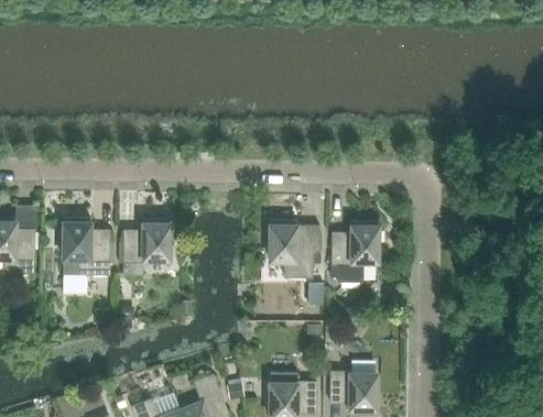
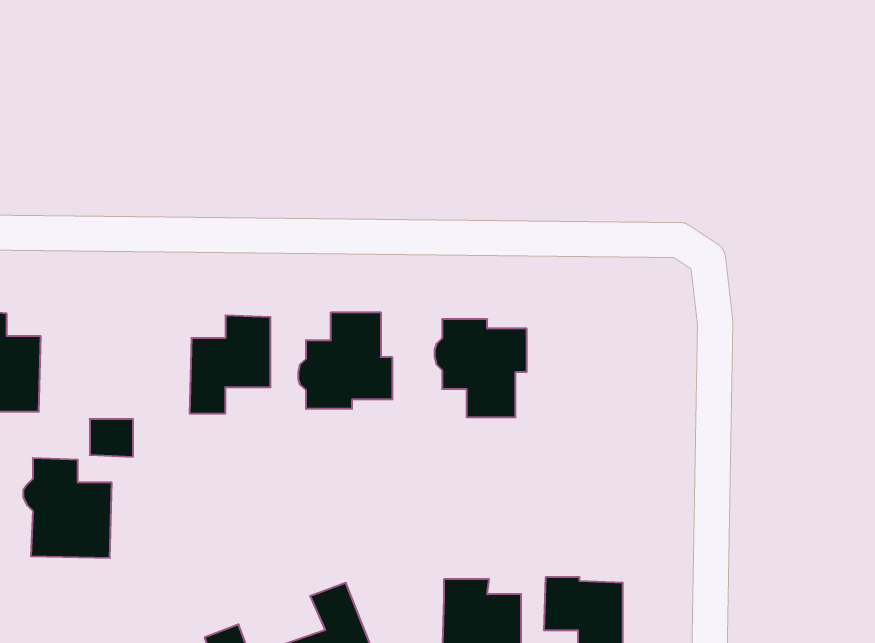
building: none -> [298,312,392,409]
building: [58,217,110,275] -> [23,458,112,558]
building: [332,220,378,283] -> none

